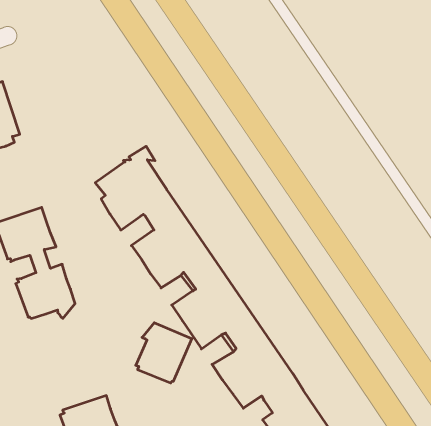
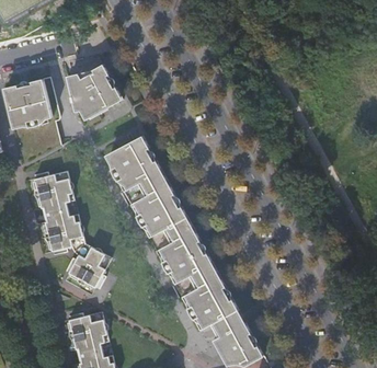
building: none -> [69,61,126,115]
building: [136,323,192,383] -> [67,243,110,288]

